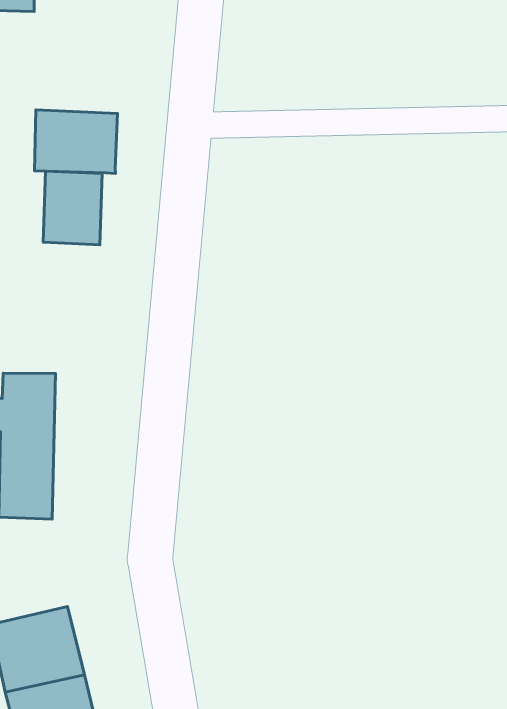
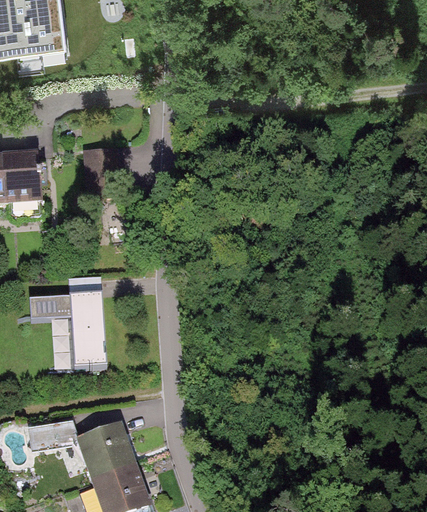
building: [35,110,118,173] -> none

